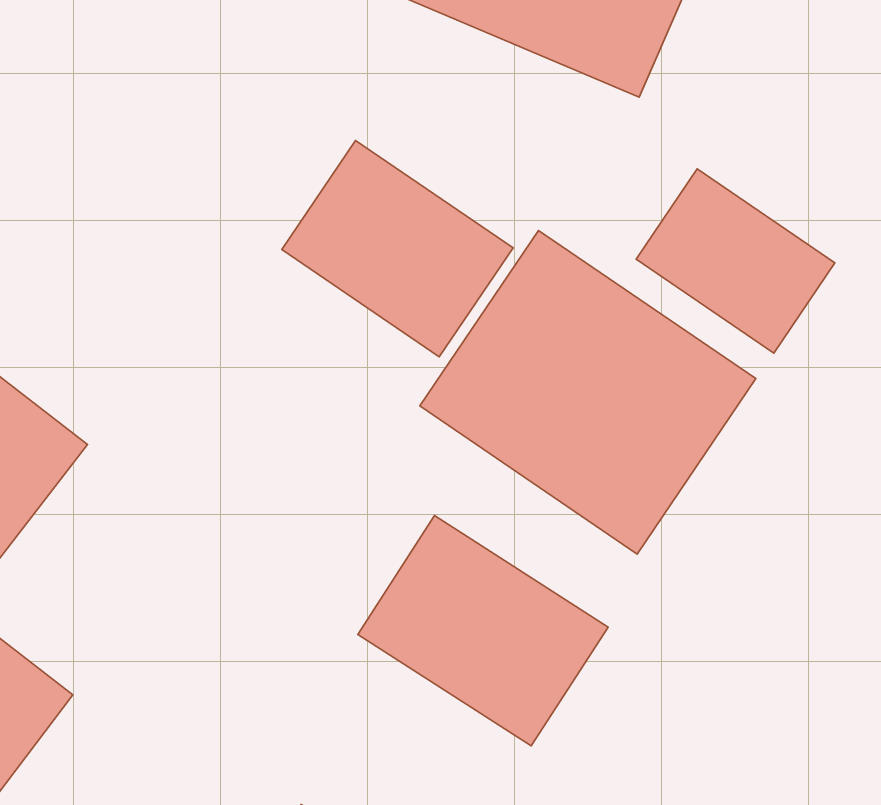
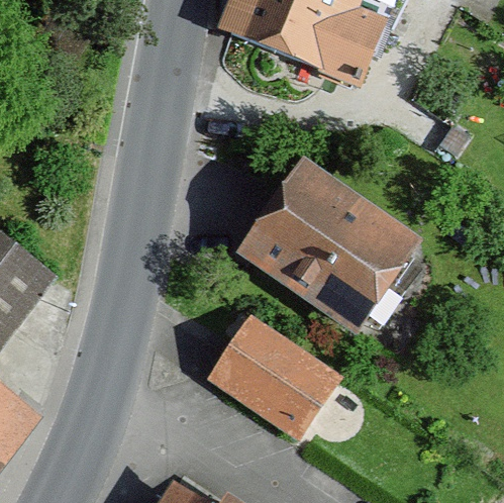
building: [282,140,513,357] -> none
building: [636,169,835,353] -> none

